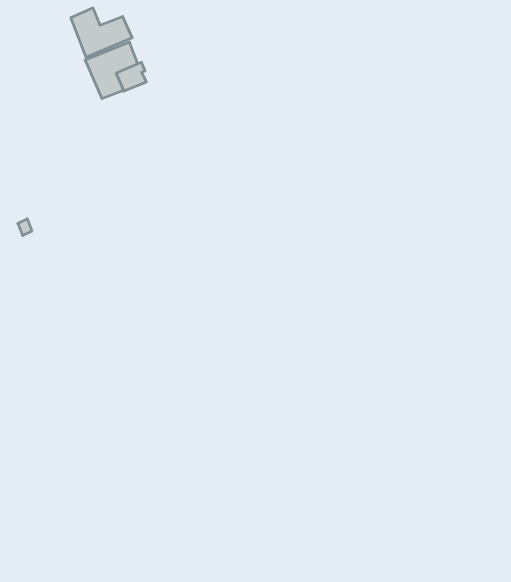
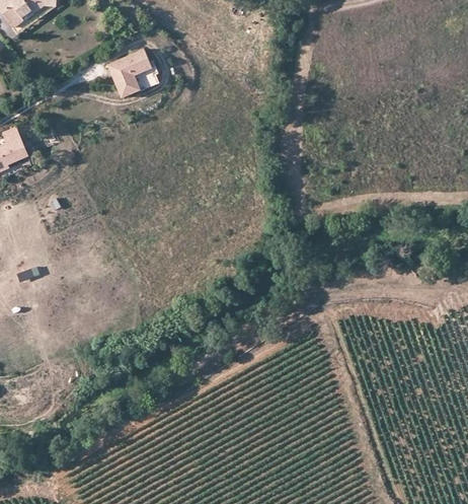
building: [71,8,132,57] -> none

